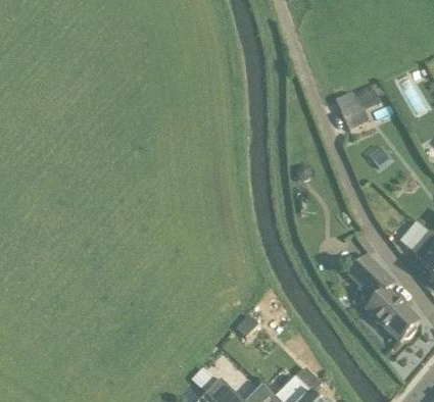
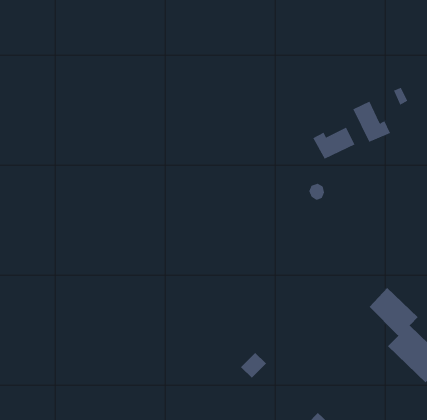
building: none -> [313,127,355,160]

